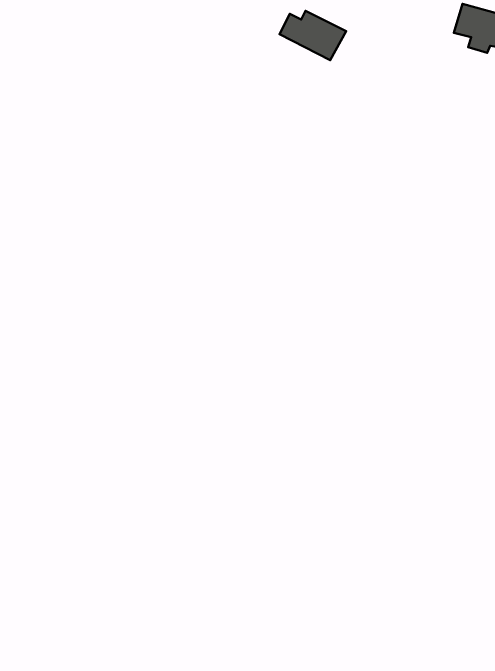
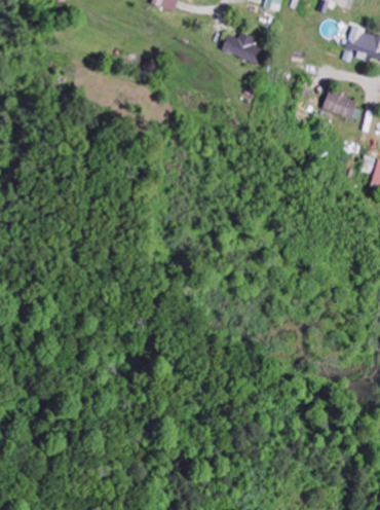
building: none -> [321,90,356,118]

